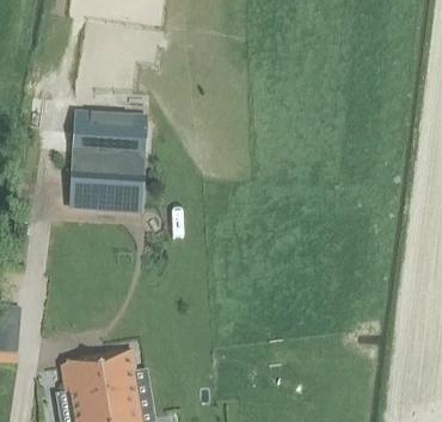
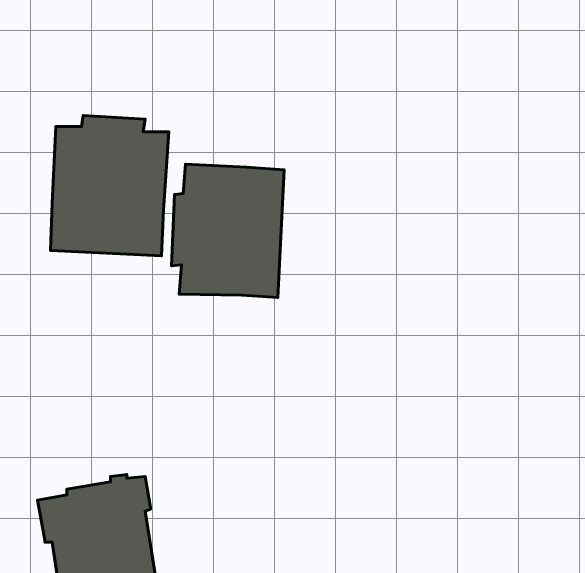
building: none -> [171,164,284,298]

